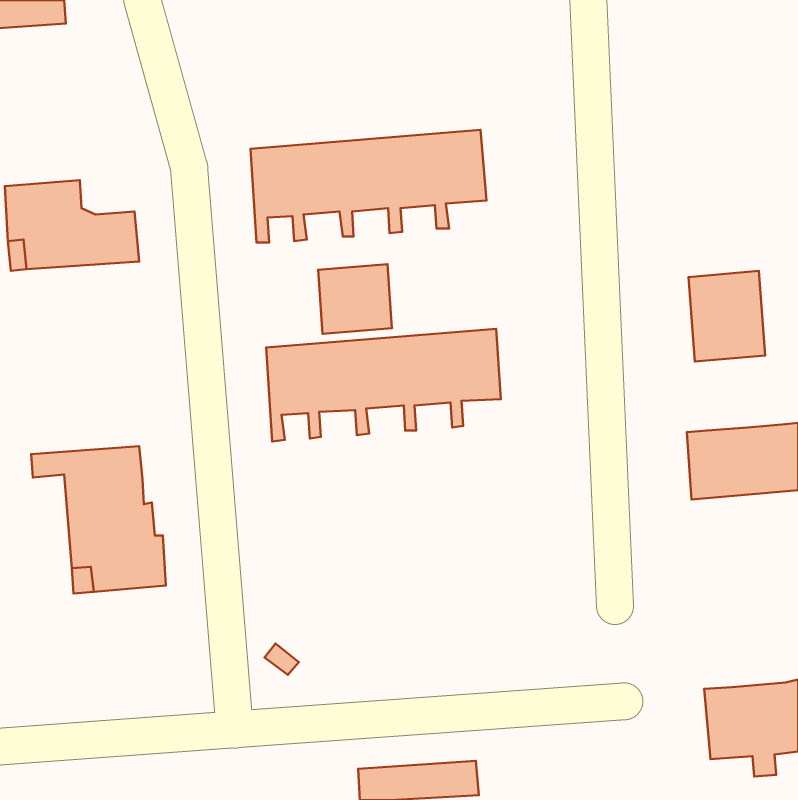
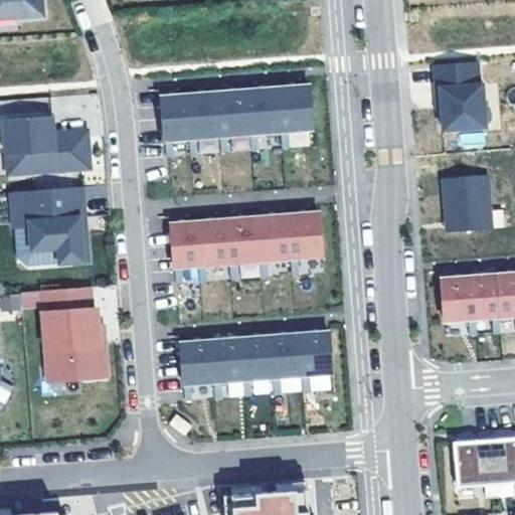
building: none -> [434,60,485,130]
building: [318,264,392,334] -> none
building: none -> [10,186,88,263]
building: none -> [180,330,331,399]

